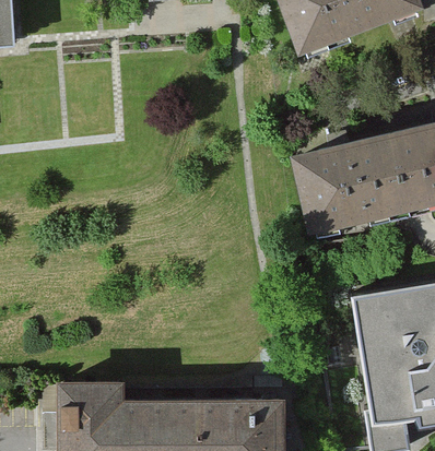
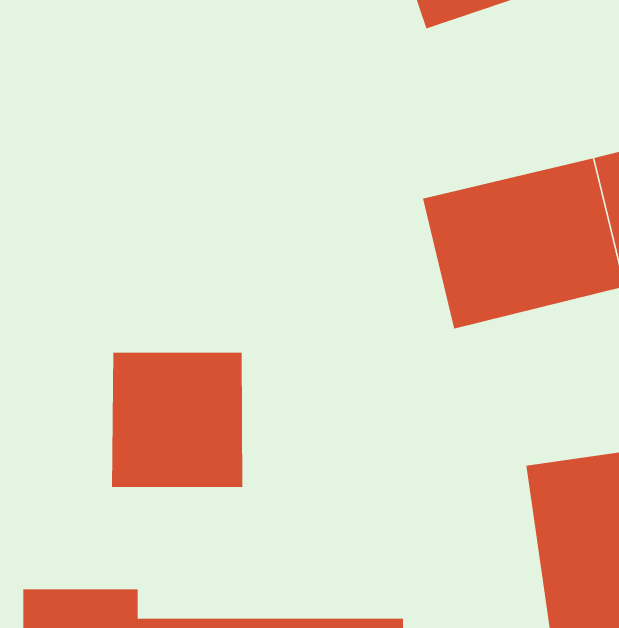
building: none -> [112,352,243,488]

